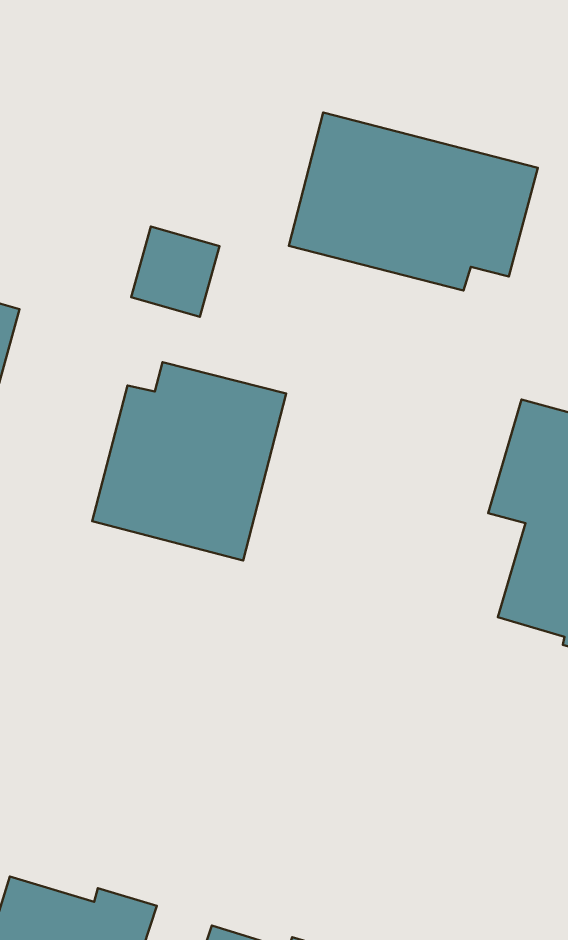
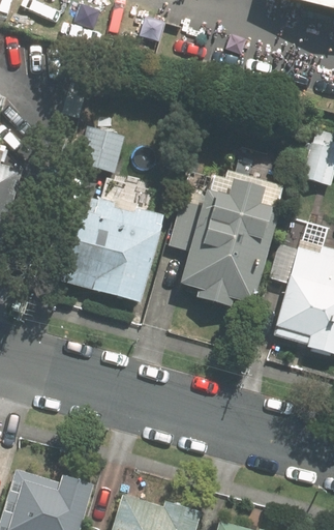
building: [289,113,538,291] -> none
building: none -> [172,180,279,306]

